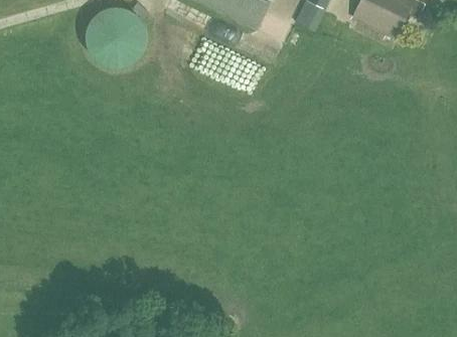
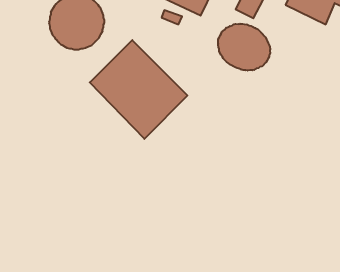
building: none -> [218,24,270,71]
building: none -> [90,40,187,139]

